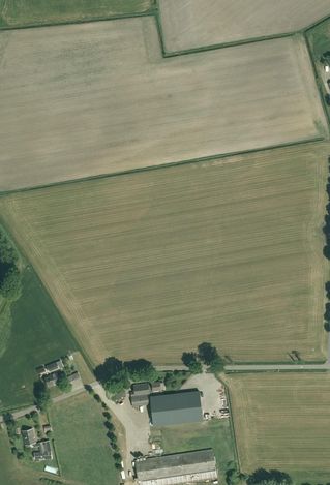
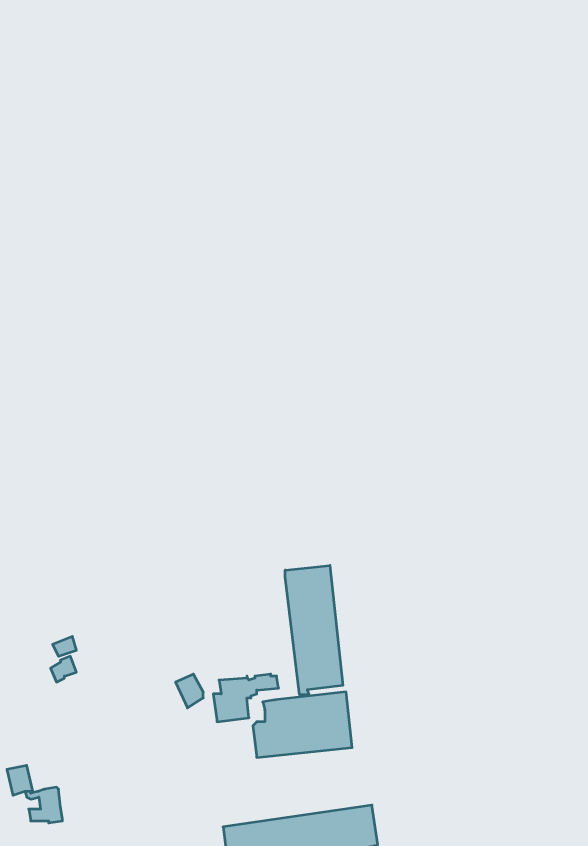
building: none -> [285,565,343,695]

